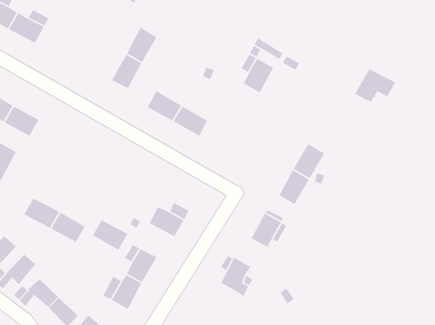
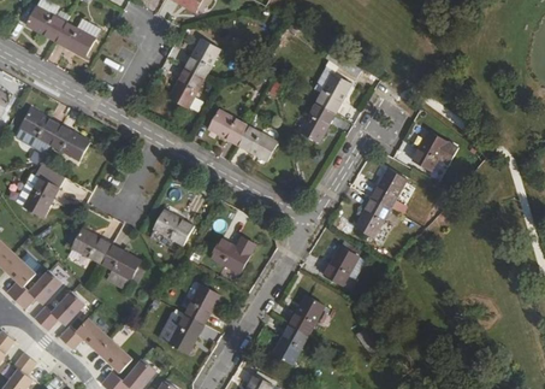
building: [354,68,396,103] -> [410,131,457,170]
building: none -> [298,101,333,142]
building: [92,219,129,251] -> [152,210,192,244]
building: none -> [272,323,308,363]

